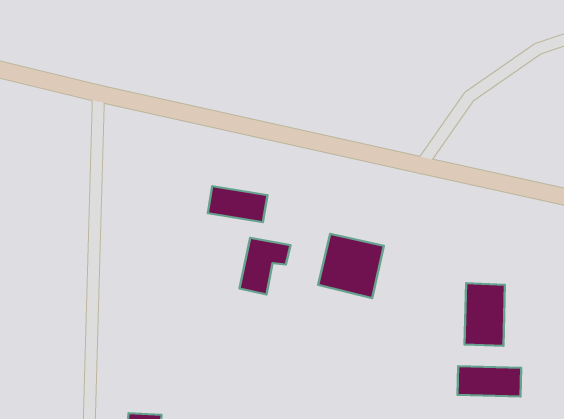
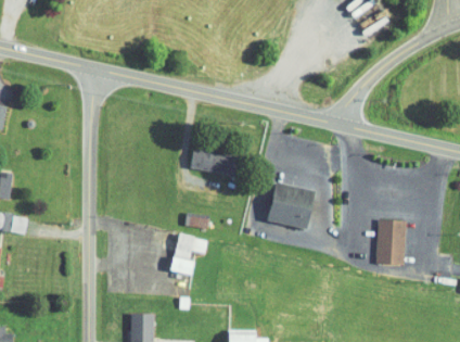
building: [240,238,290,294] -> [171,235,208,276]
building: [457,366,521,396] -> none

